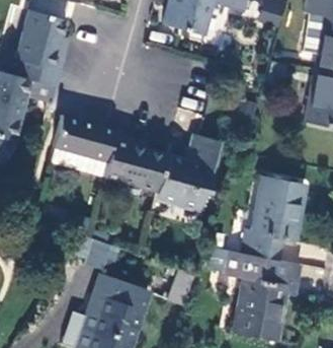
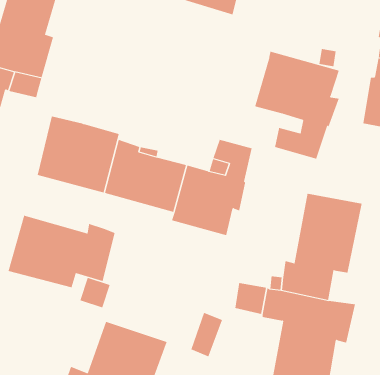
building: none -> [255,51,340,159]
building: none -> [8,215,115,288]

